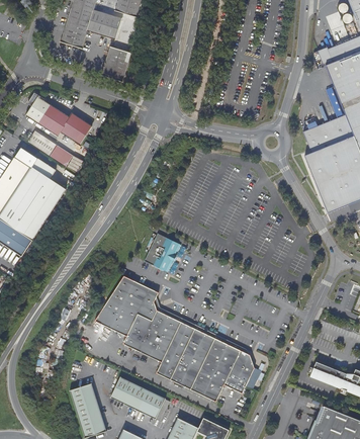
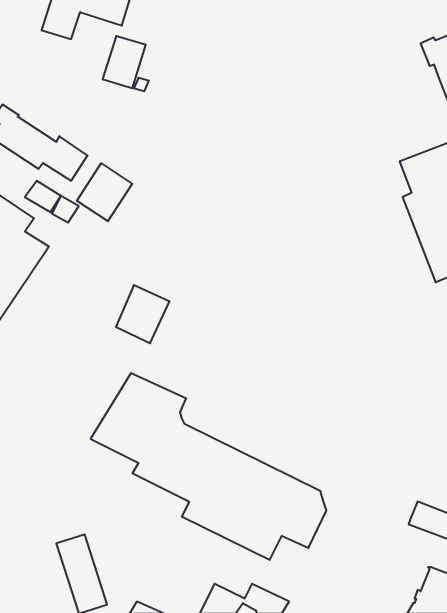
building: none -> [77,163,132,221]
building: [145,232,181,271] -> [116,285,170,343]
building: [111,376,169,419] -> none

